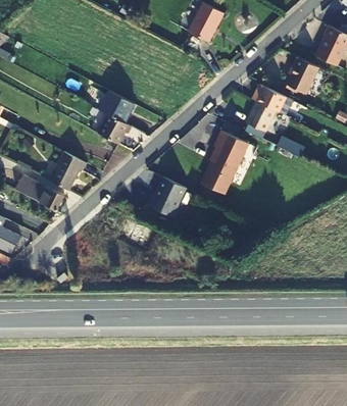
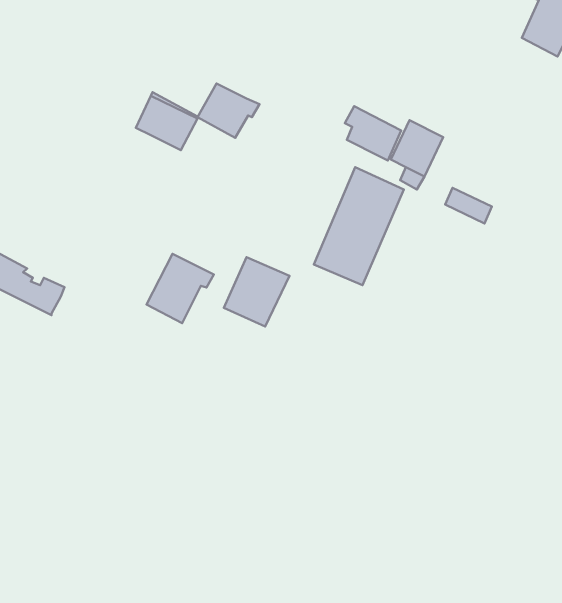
building: [283,59,314,96] -> none
building: [250,86,281,115] -> [345,106,401,161]
building: [100,112,134,142] -> [198,84,259,138]
building: [54,152,91,190] -> [146,254,214,323]

